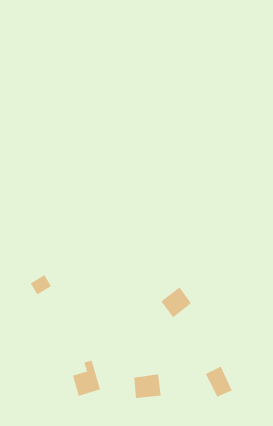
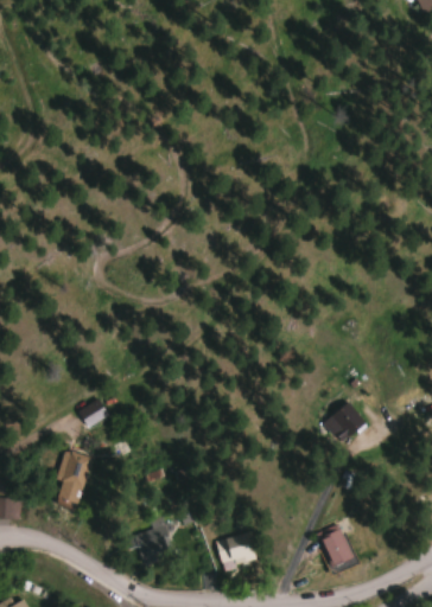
building: [160,286,192,318] -> [323,402,366,445]
building: none -> [52,452,91,506]

